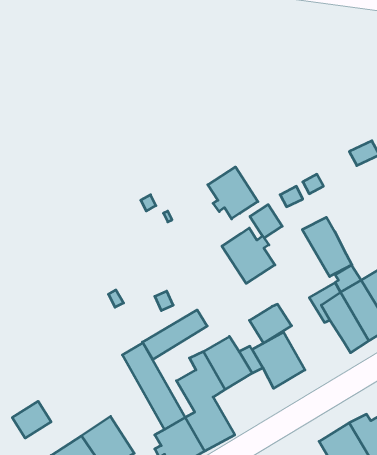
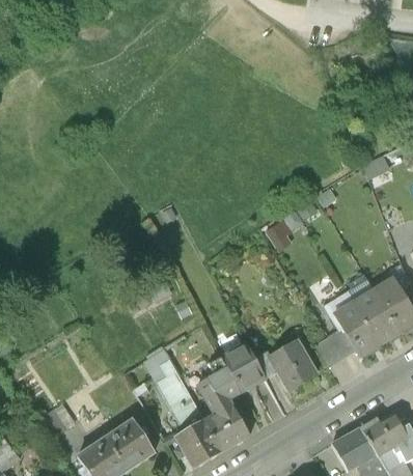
building: [208,167,258,219] -> none
building: [302,217,352,277] -> none
building: [222,228,275,283] -> none
building: [249,304,292,343] -> [315,327,356,364]
building: [142,310,207,360] -> none

